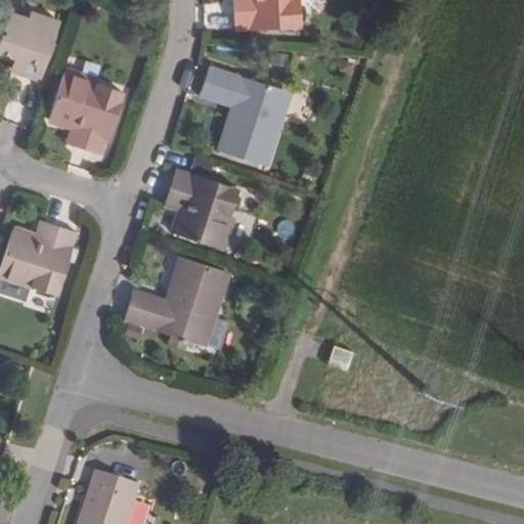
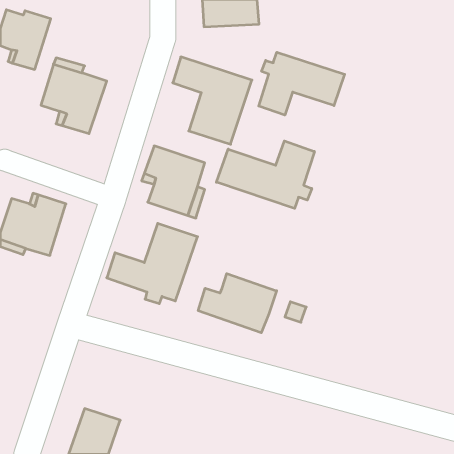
building: none -> [259,52,345,115]
building: none -> [216,141,314,208]
building: none -> [198,274,277,333]

